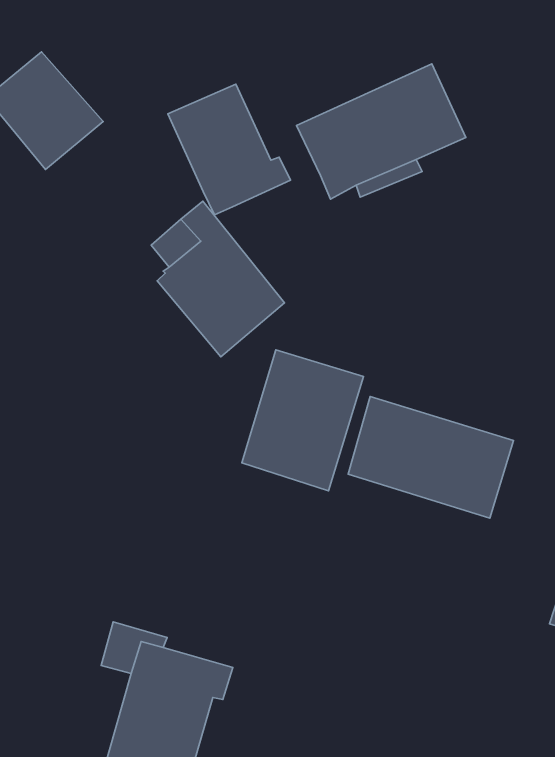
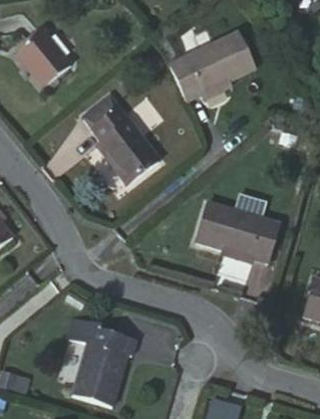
building: [168,84,291,215] -> none
building: [242,350,363,491] -> none

